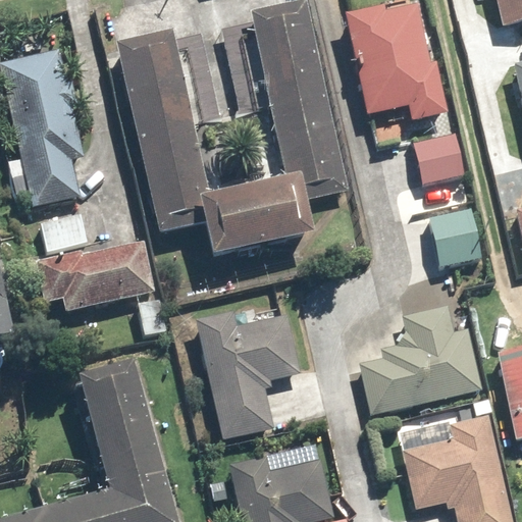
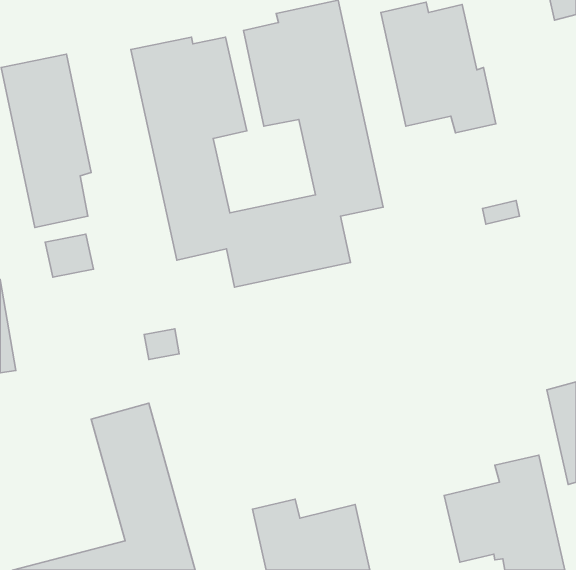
building: [415,135,464,182] -> none
building: [428,208,484,266] -> none
building: [36,240,157,312] -> none
building: [359,303,482,413] -> none
building: [196,310,301,440] -> none

